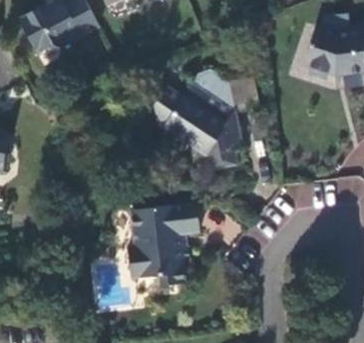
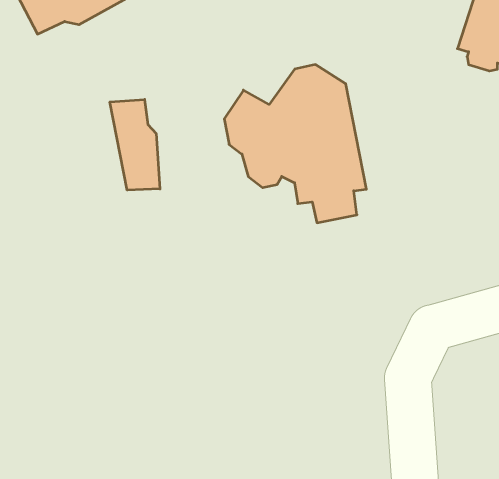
building: none -> [110,99,160,190]
building: [127,204,200,287] -> none

